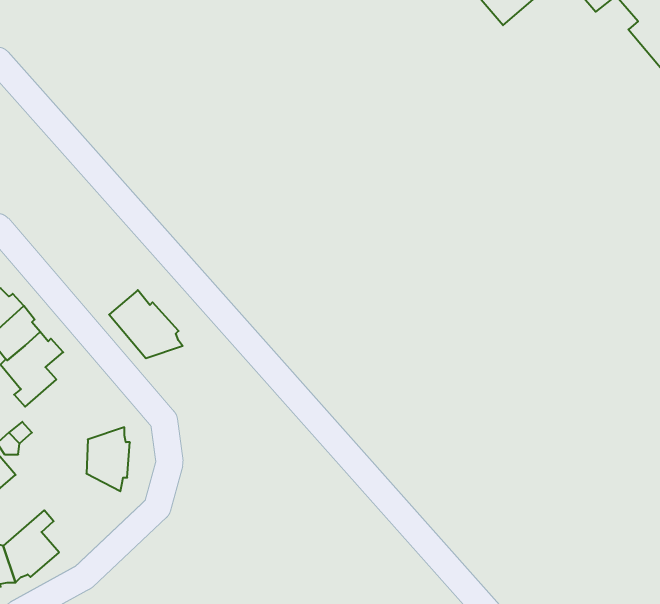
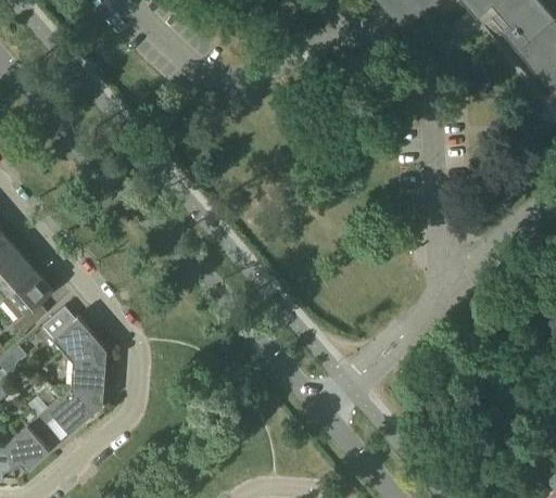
building: [109,290,183,358] -> [42,305,101,359]
building: none -> [37,386,98,432]

